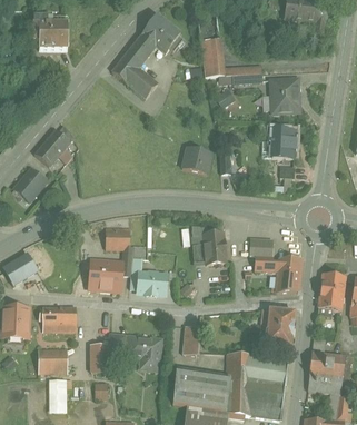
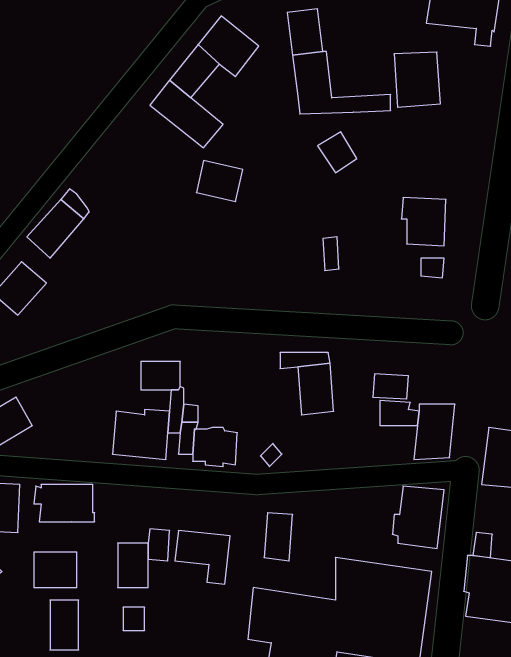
building: [33,16,67,49] -> none
building: [270,78,299,112] -> [394,52,440,107]
building: [181,147,210,172] -> [196,161,243,202]

